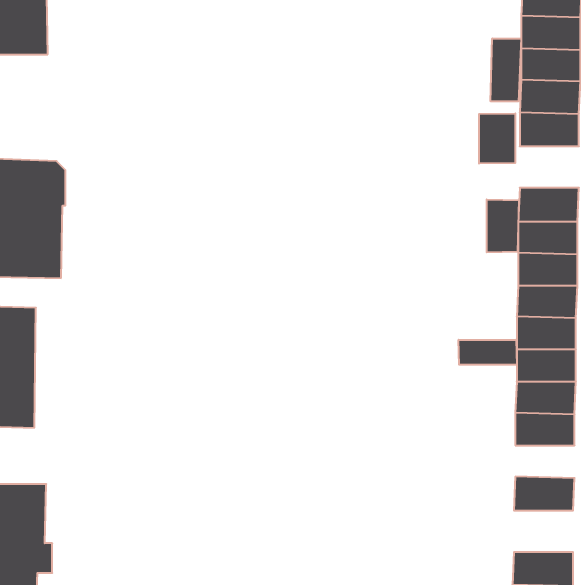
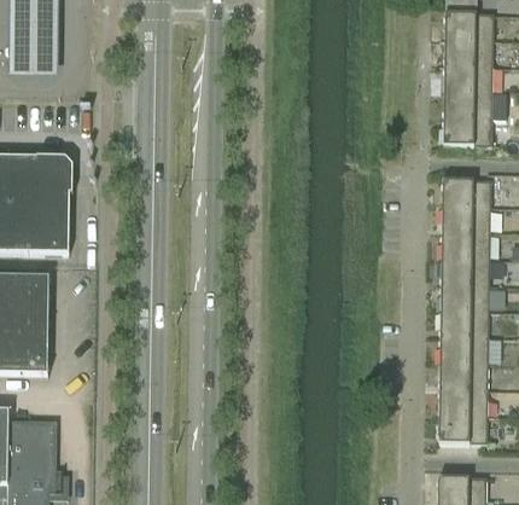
building: [491,38,521,101] -> none
building: [479,113,515,164] -> none
building: [487,199,519,252] -> none
building: [459,340,517,365] -> none
building: none -> [439,389,488,416]

